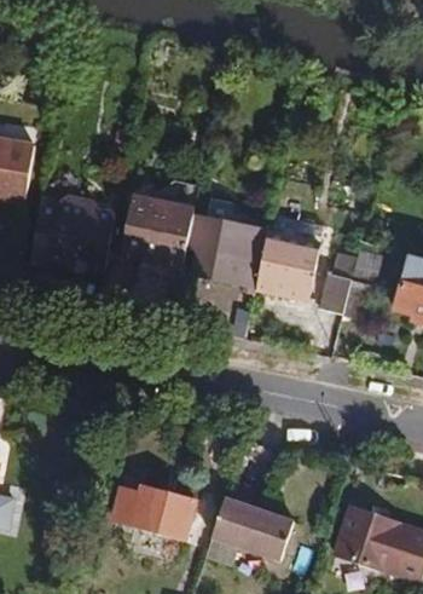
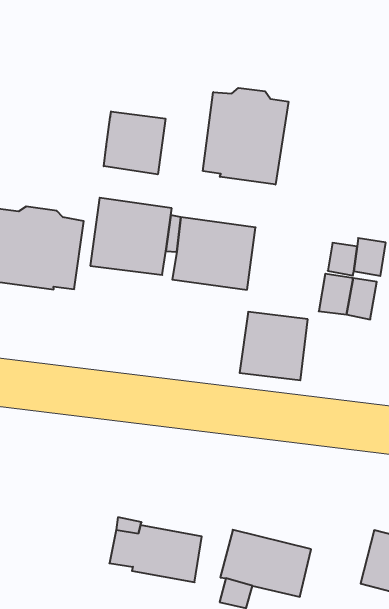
building: none -> [203,88,288,185]
building: none -> [104,111,165,174]
building: [256,232,320,296] -> [240,312,308,380]

